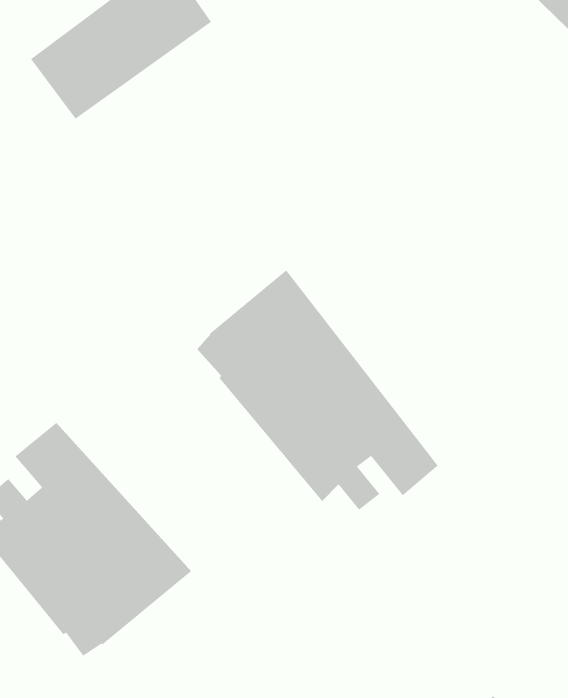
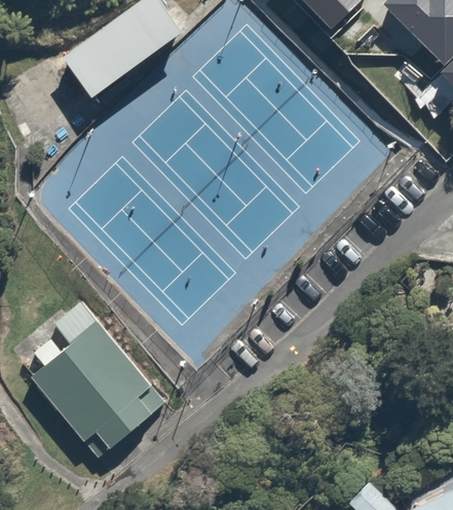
building: [197,269,439,511] -> none

